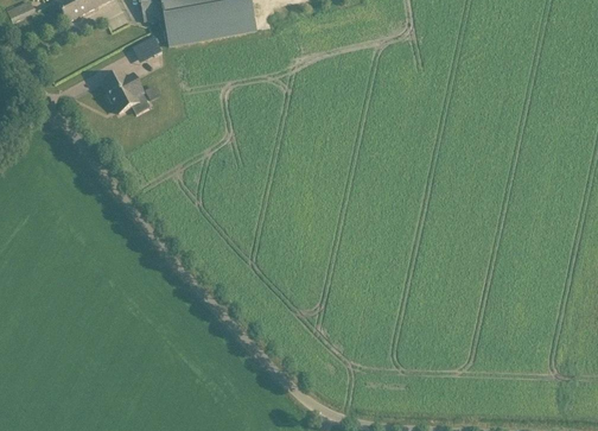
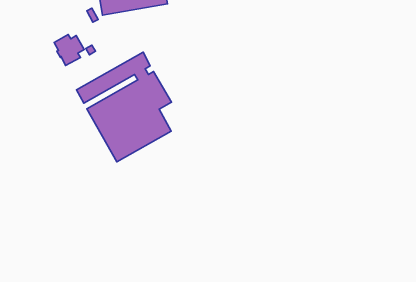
building: none -> [77,52,172,162]

